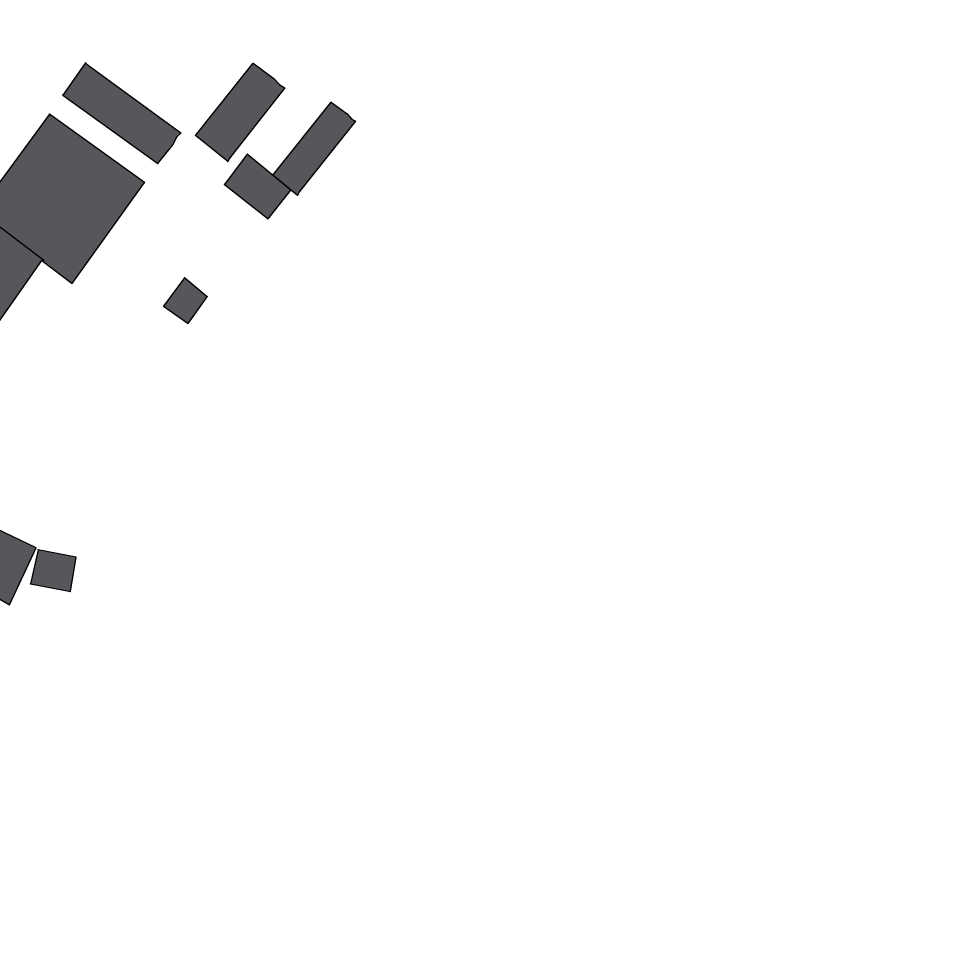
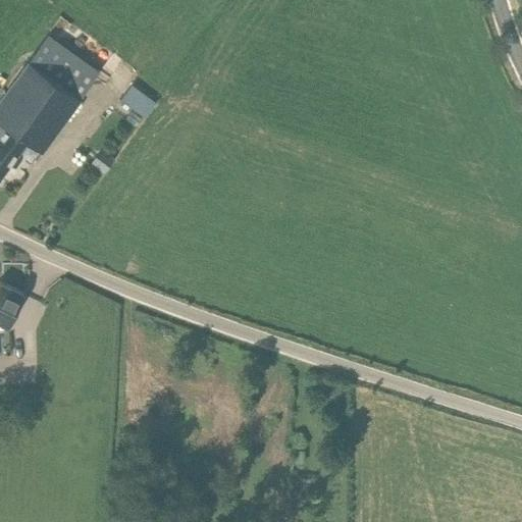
building: [196,63,285,162] -> none
building: [273,102,355,195] -> none

